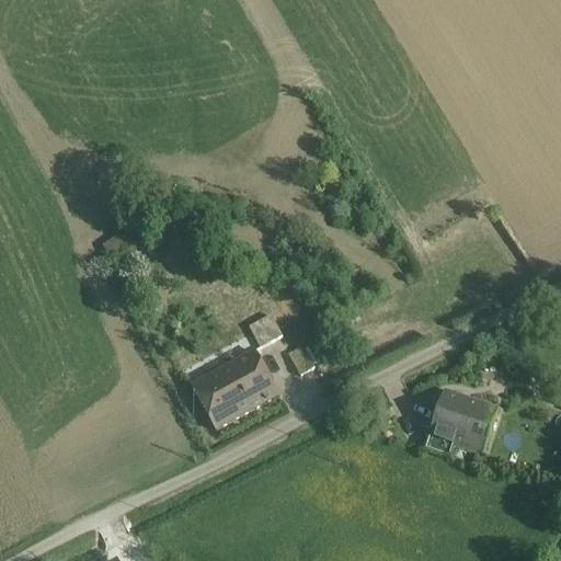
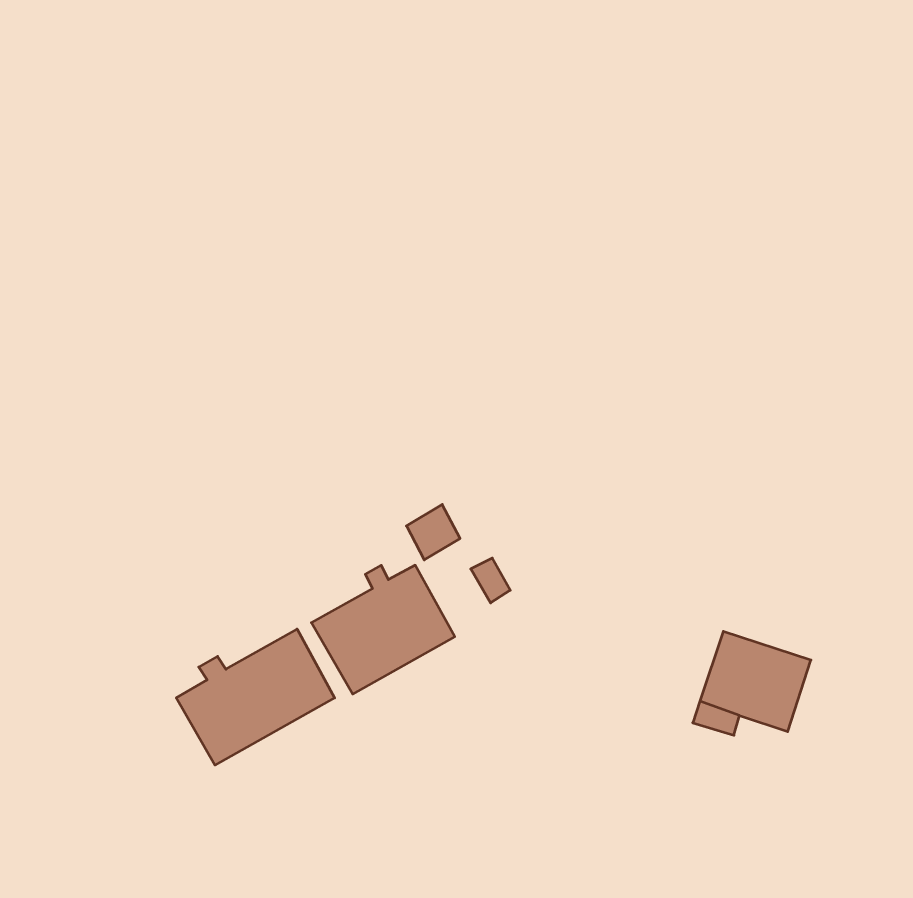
building: none -> [176,629,335,765]

